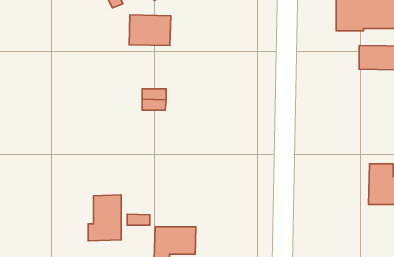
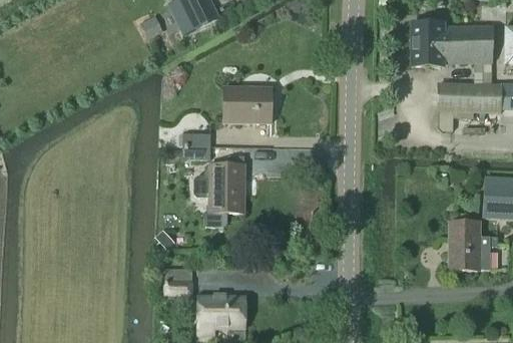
building: [129,15,171,46] -> [223,86,273,122]
building: none -> [194,163,245,227]
building: [88,195,121,241] -> none

